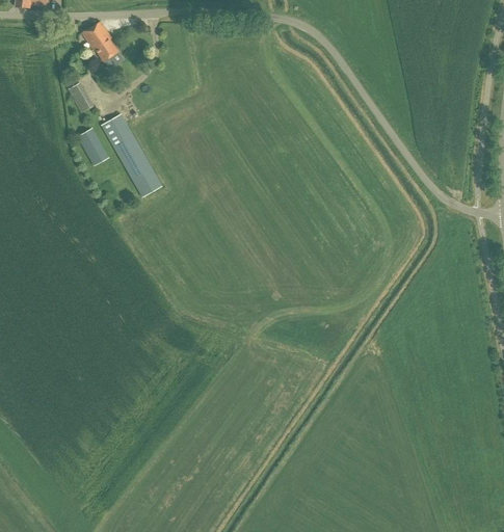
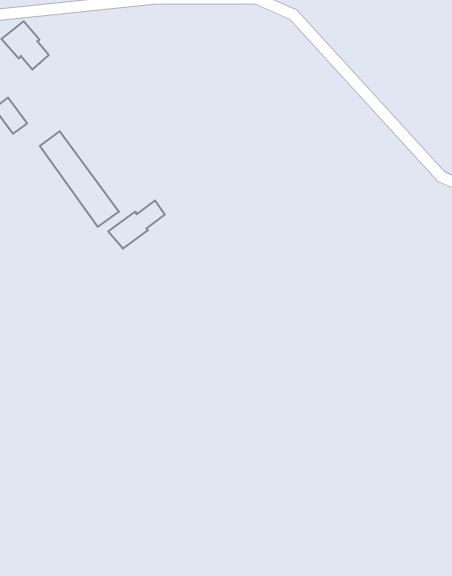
building: [77,128,108,165] -> none
building: none -> [108,200,165,249]

